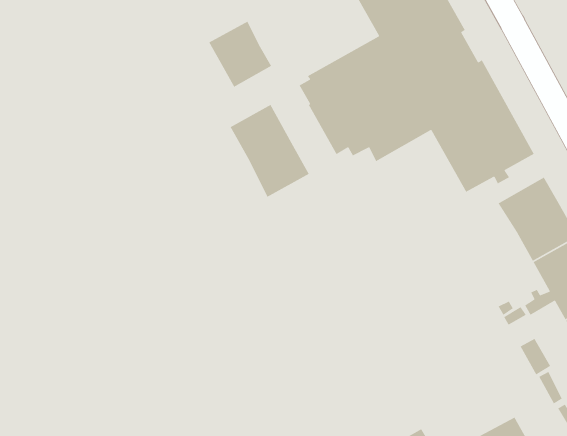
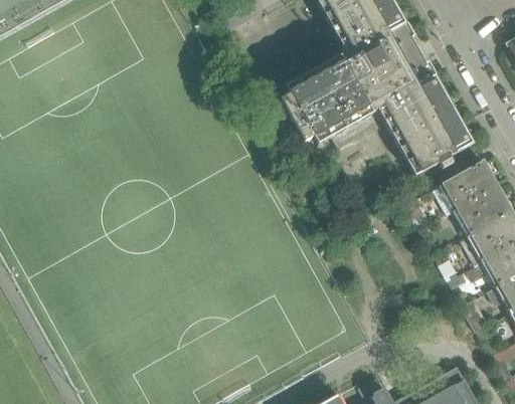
building: [208,20,272,88] -> none
building: [229,104,310,198] -> none

